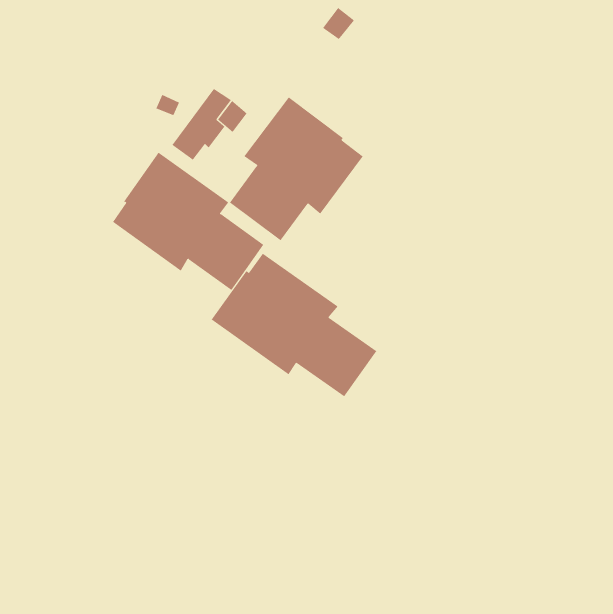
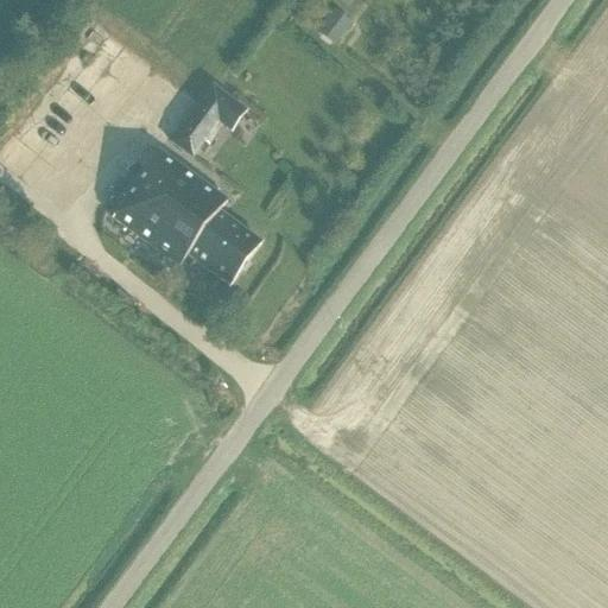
building: [229,97,363,241] -> none
building: [211,253,377,397] -> none

